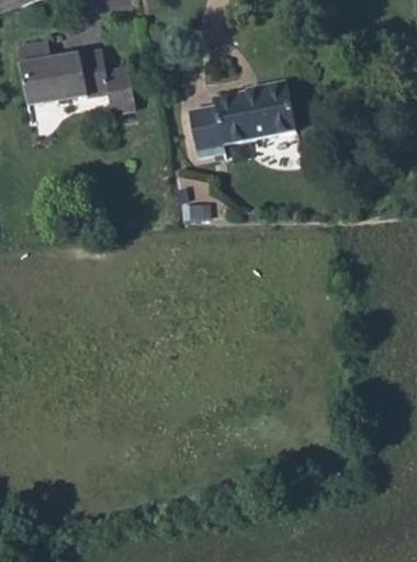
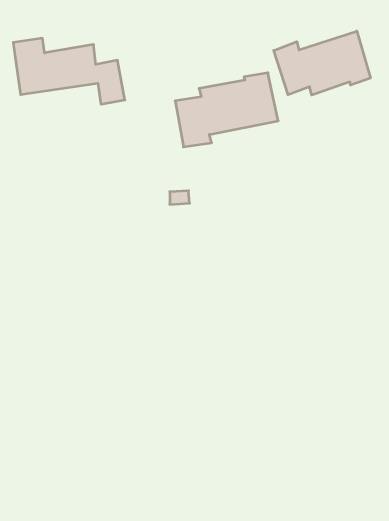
building: none -> [274,31,370,95]

